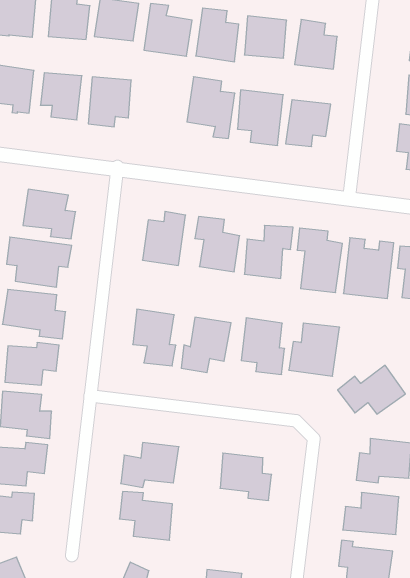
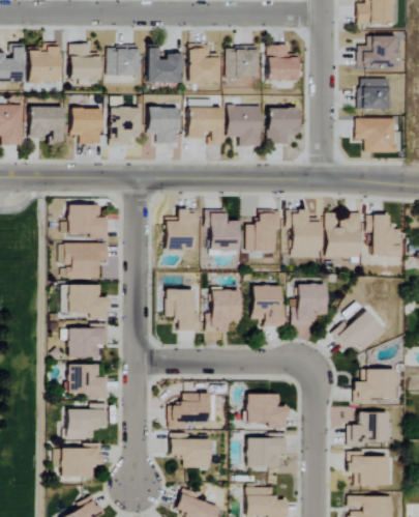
building: none -> [148,108,179,144]
building: none -> [245,433,287,466]

